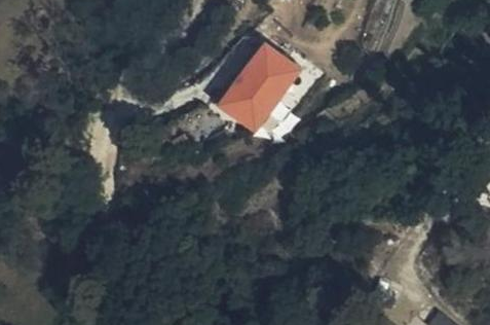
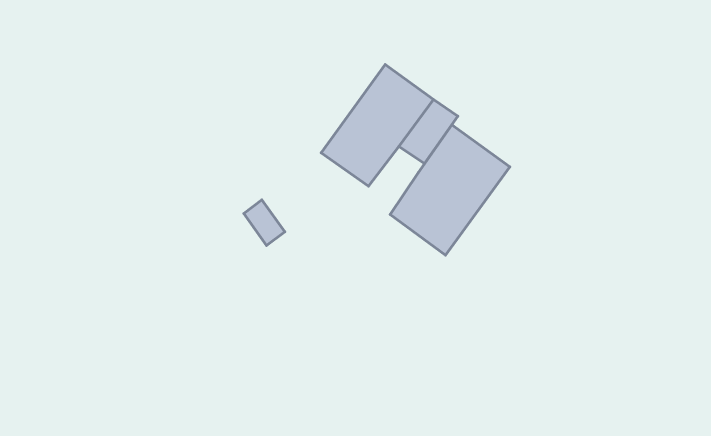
building: none -> [390,125,510,255]

